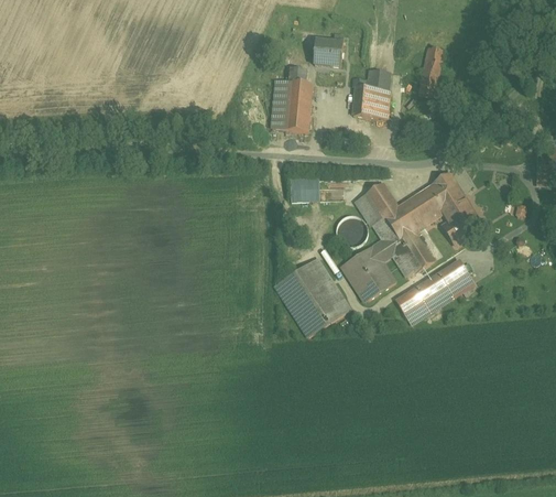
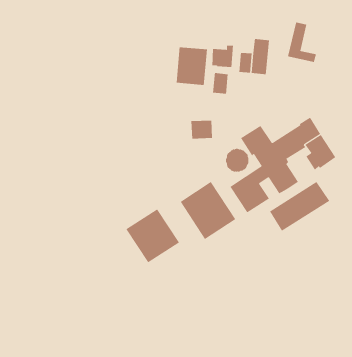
building: [314,34,344,64] -> [211,45,234,67]
building: none -> [213,72,228,95]
building: none -> [126,208,180,263]

